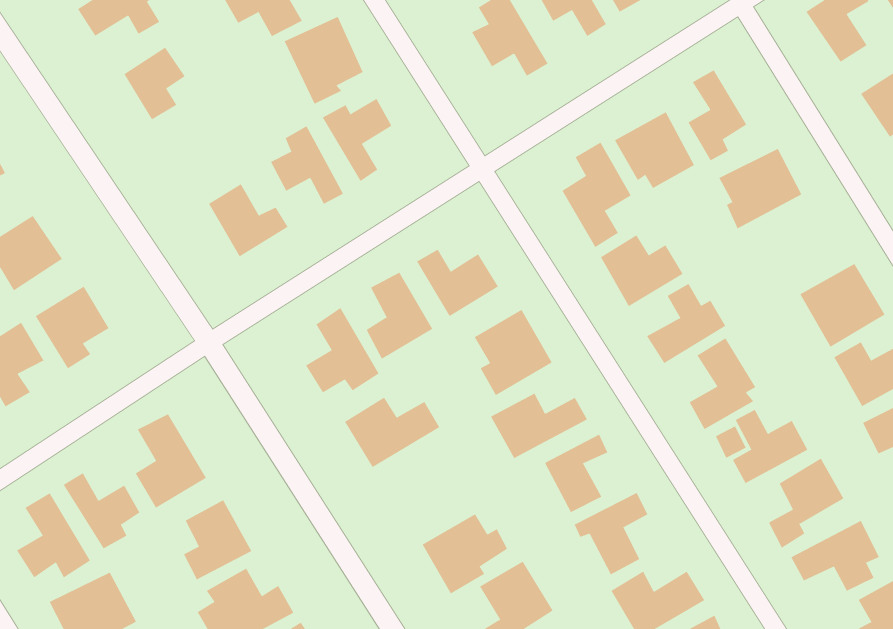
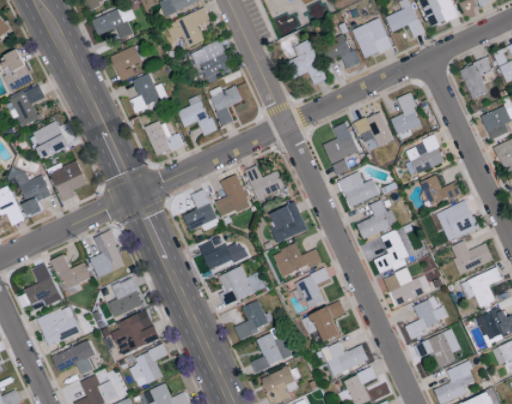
building: none -> [130,73,167,111]
building: none -> [420,175,461,205]
building: none -> [218,266,265,305]

